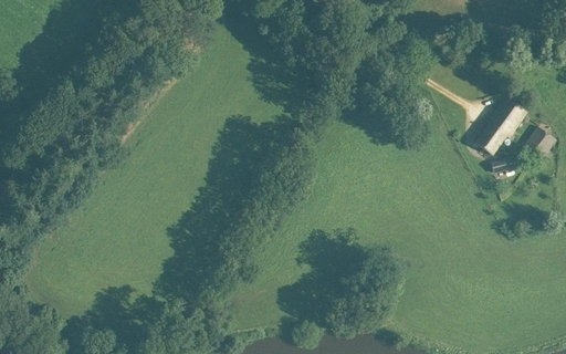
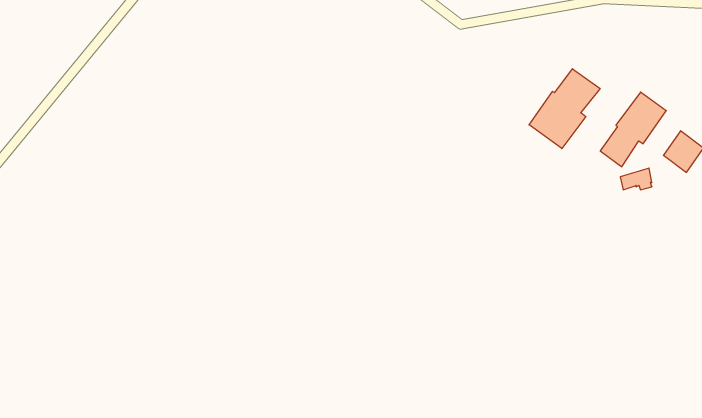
building: none -> [529,69,600,149]

